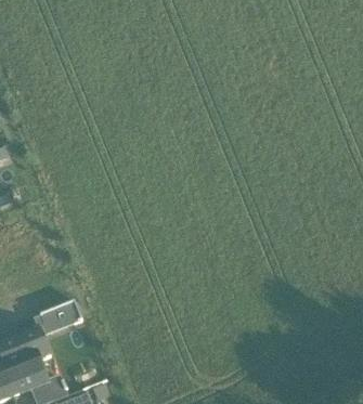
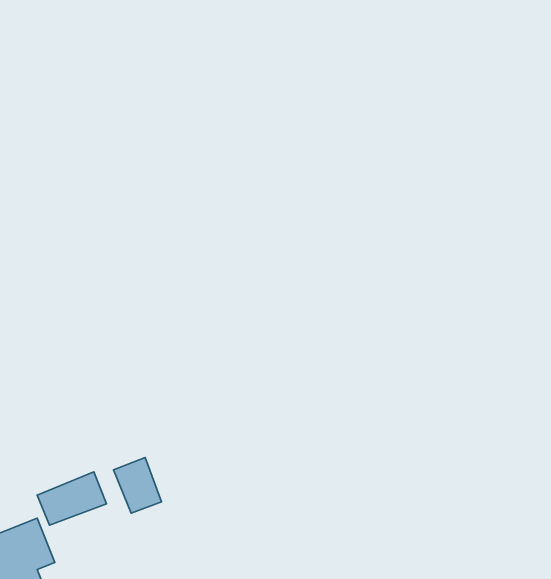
building: none -> [114,457,162,513]

